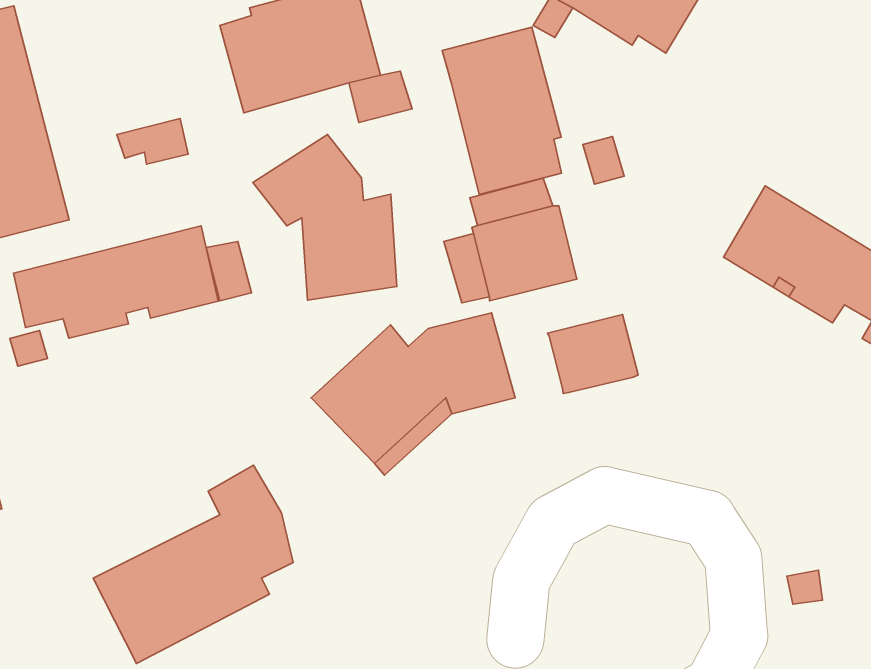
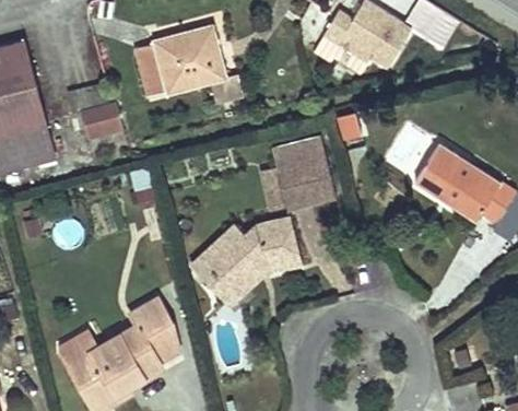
building: [442,27,561,195] -> none
building: [253,134,397,300] -> none
building: [13,226,218,338] -> none
building: [548,314,638,394] -> none

